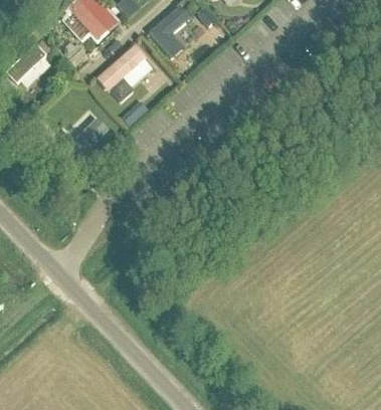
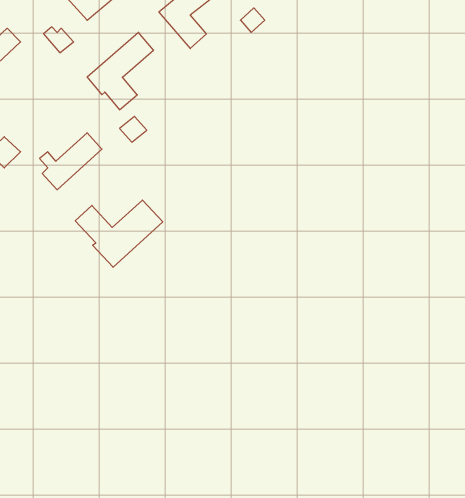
building: none -> [75,200,163,267]

